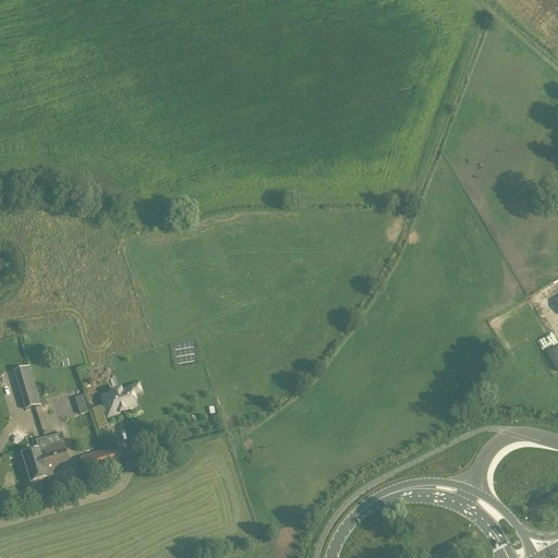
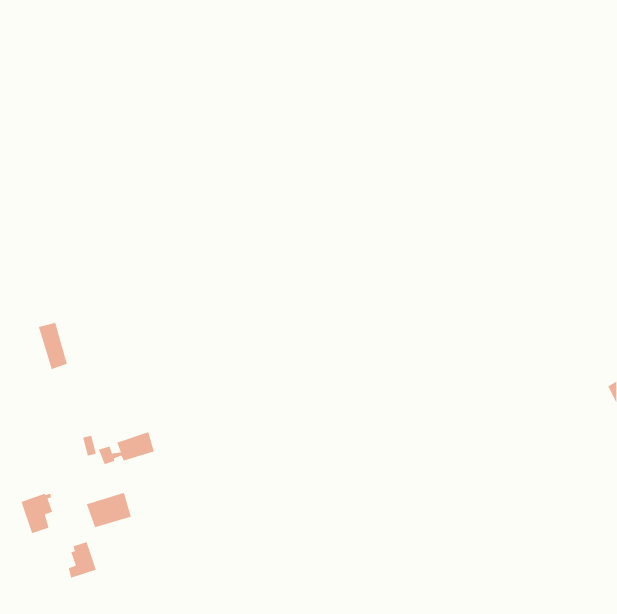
building: [12,363,39,407] -> [38,322,68,370]
building: [41,439,68,475] -> [68,541,97,581]

